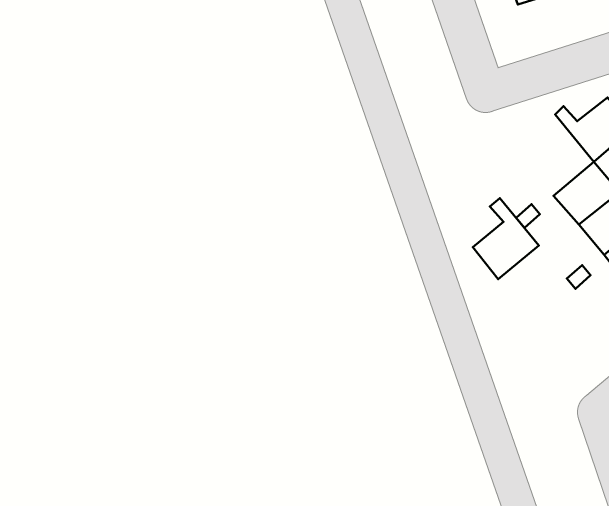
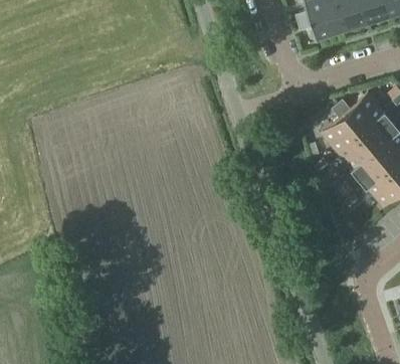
building: [473,198,539,279] -> [321,104,360,152]

